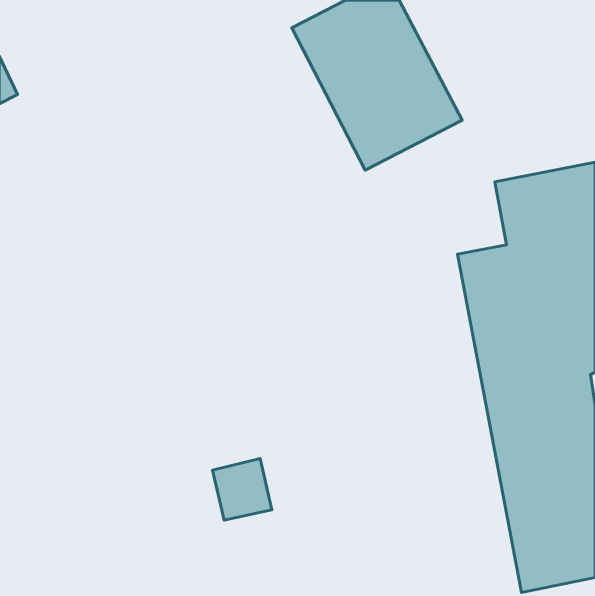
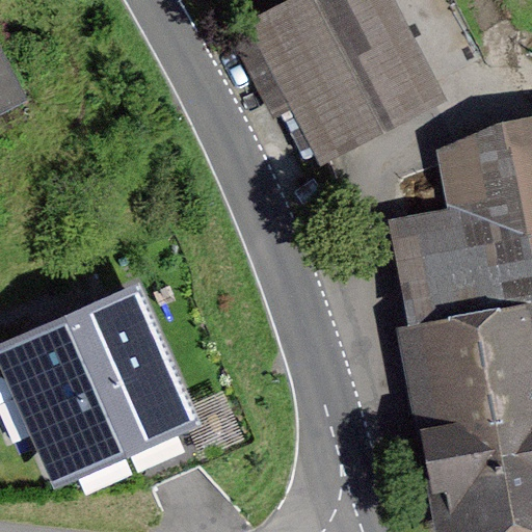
building: none -> [4,296,183,468]

